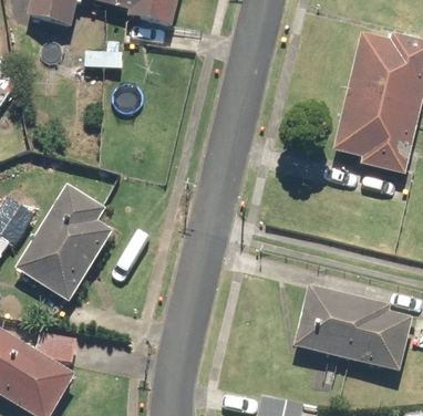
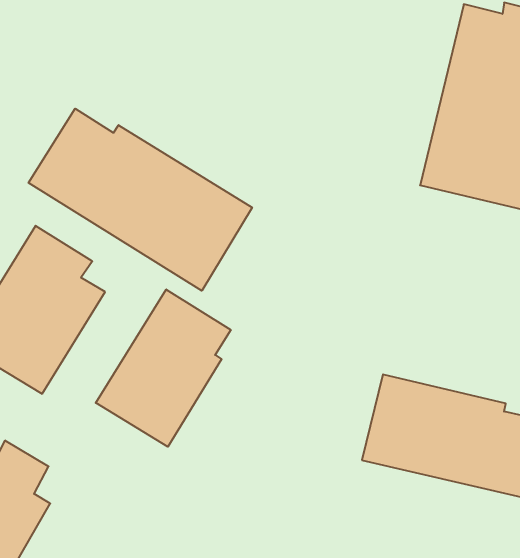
building: none -> [29,109,252,291]
building: none -> [96,289,231,447]

